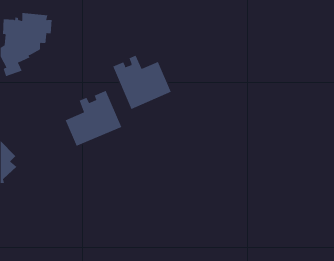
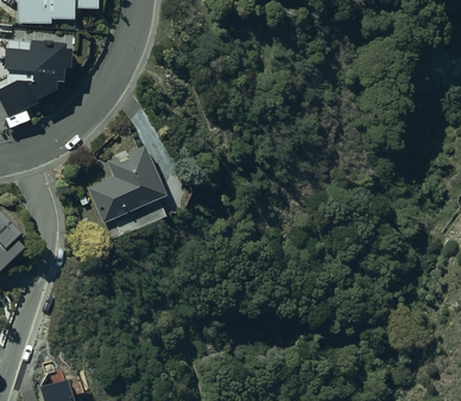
building: [113,55,171,110] -> none

